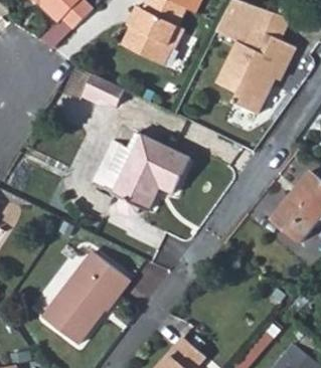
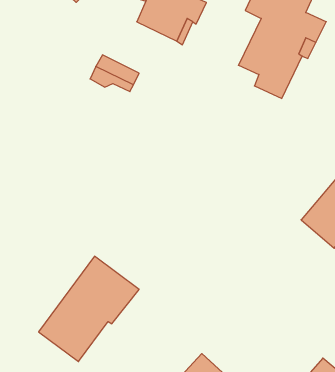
building: [110,127,189,209] -> none

